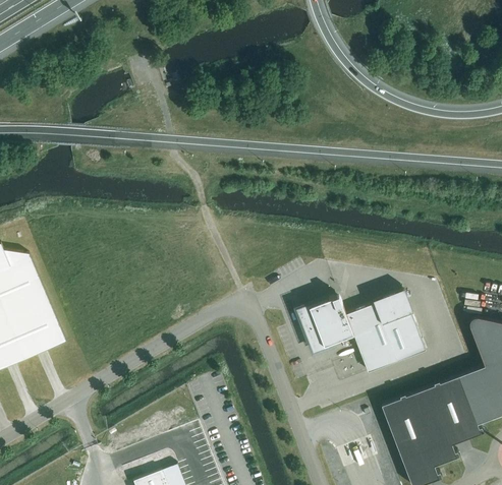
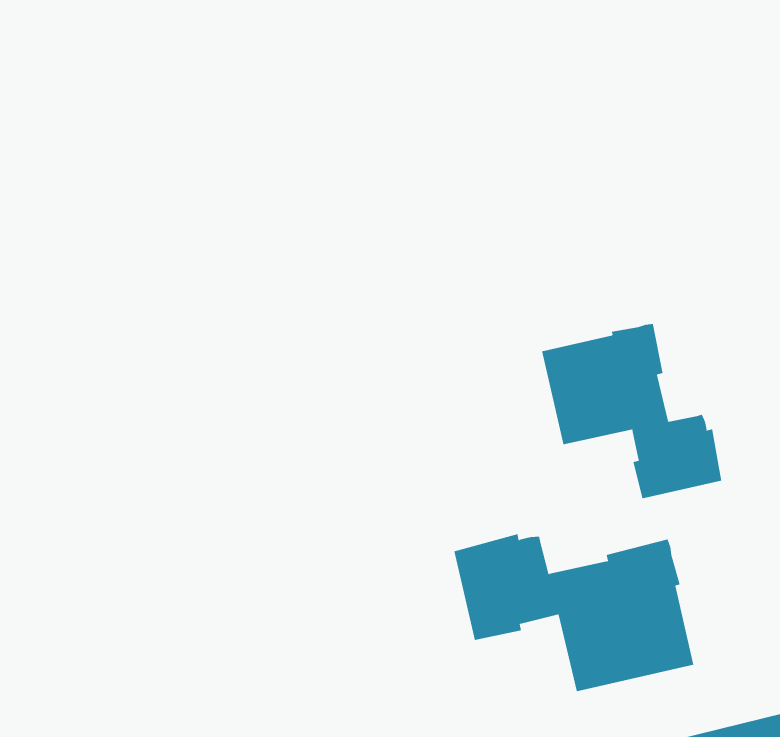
building: none -> [542,323,722,499]

